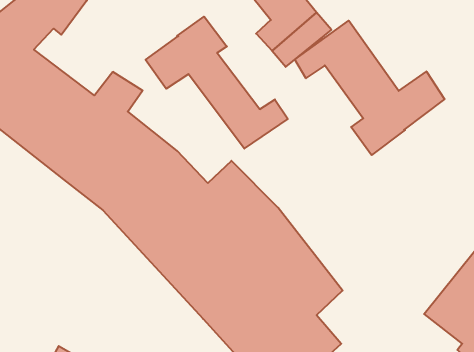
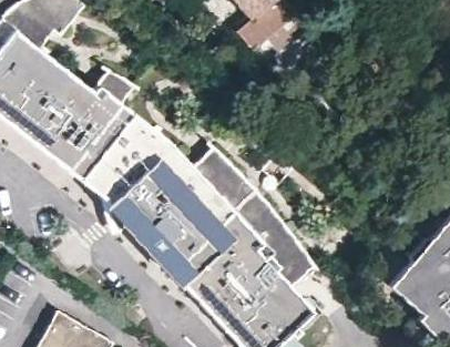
building: [146,17,288,149] -> none
building: [295,21,445,155] -> none

